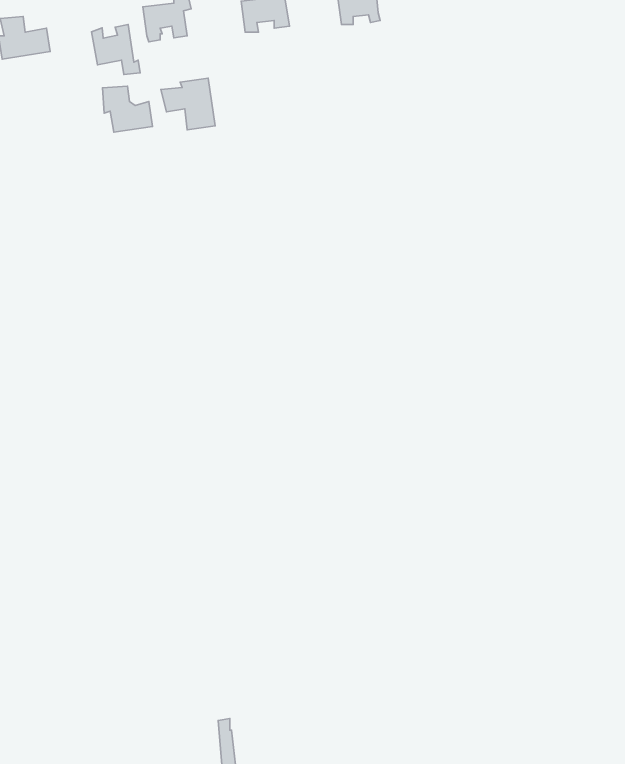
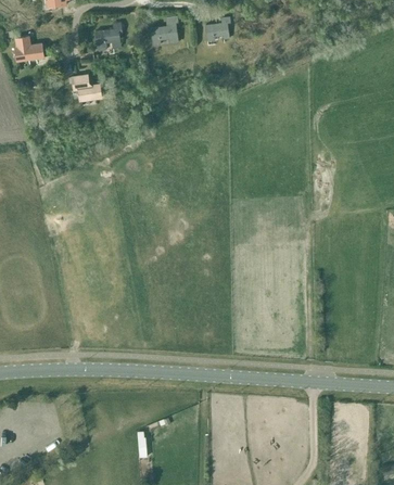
building: [91,24,140,75] -> none
building: [161,78,215,130] -> none

